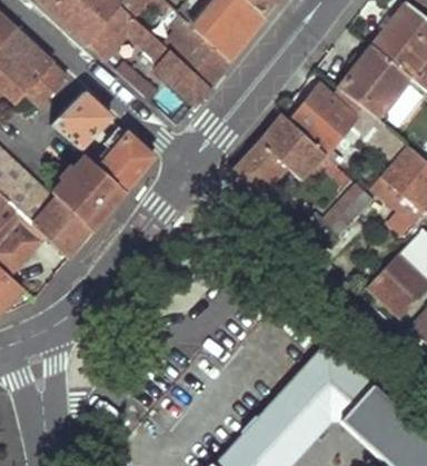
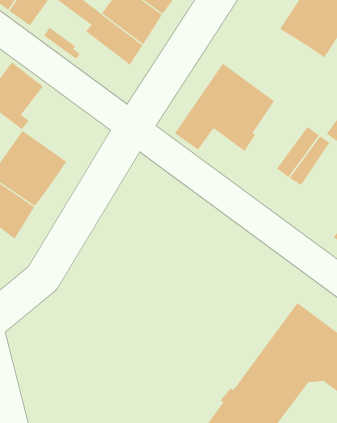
building: [290,82,377,165] -> none
building: [86,132,153,190] -> none

